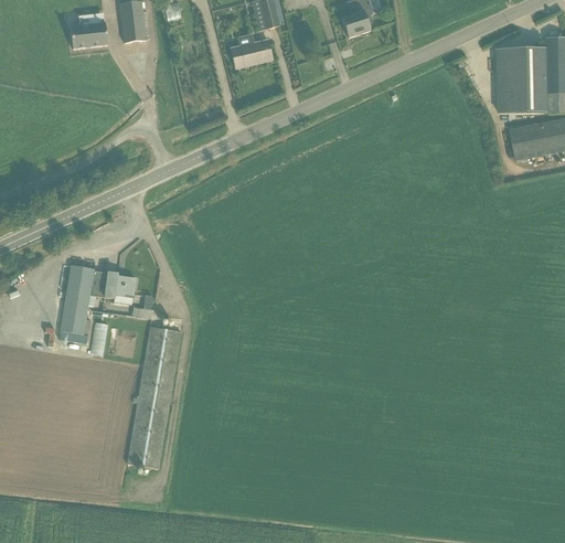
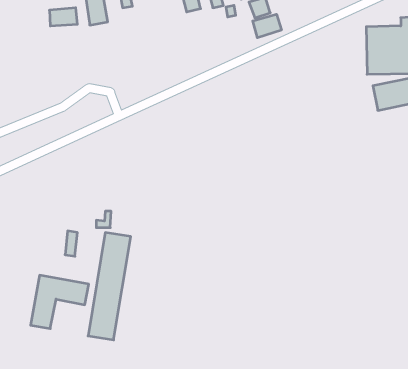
building: none -> [253,14,281,38]
building: [230,35,274,68] -> none
building: [57,263,136,334] -> [31,275,89,329]

